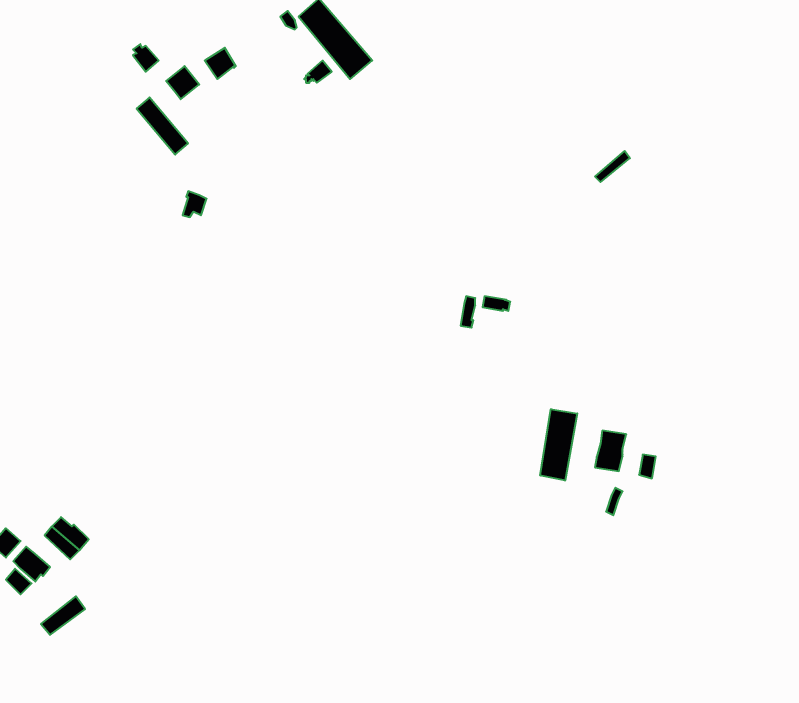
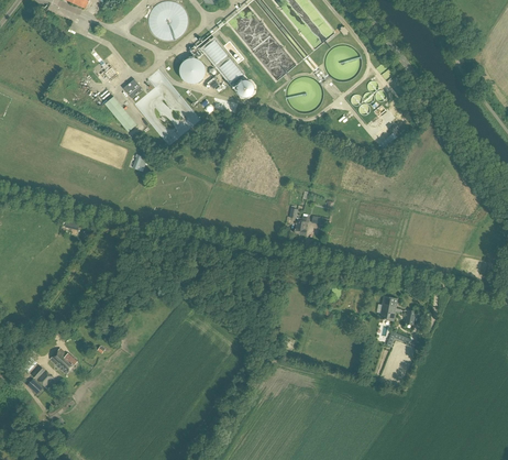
building: none -> [178,57,205,84]
building: [540,409,577,481] -> none

